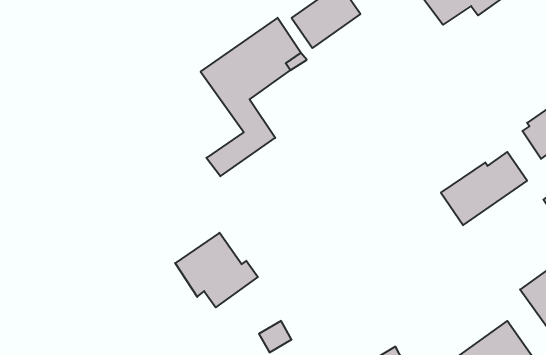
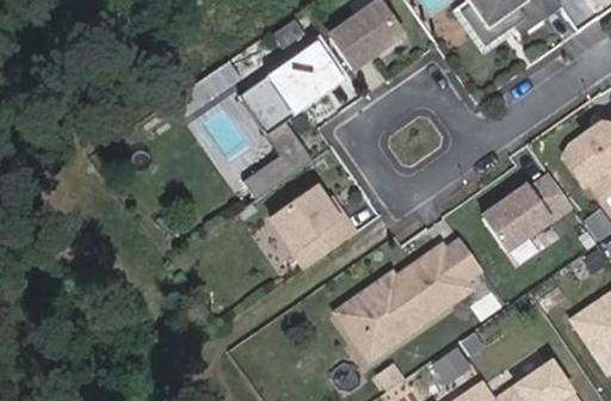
building: none -> [337,245,470,347]
building: [175,233,258,307] -> [272,187,357,264]

